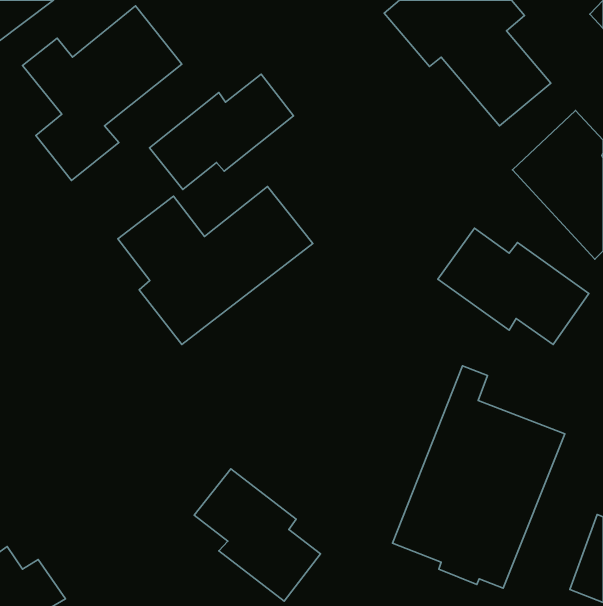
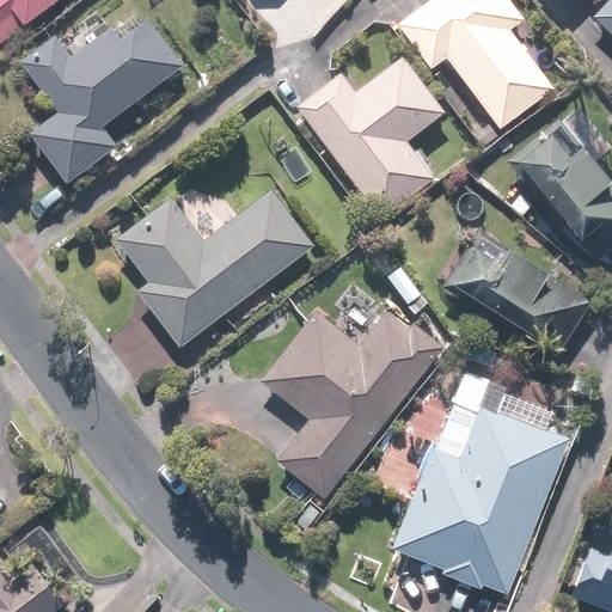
building: none -> [298,59,446,219]
building: [149,74,294,189] -> none
building: none -> [261,306,442,501]
building: [194,469,321,601] -> none

